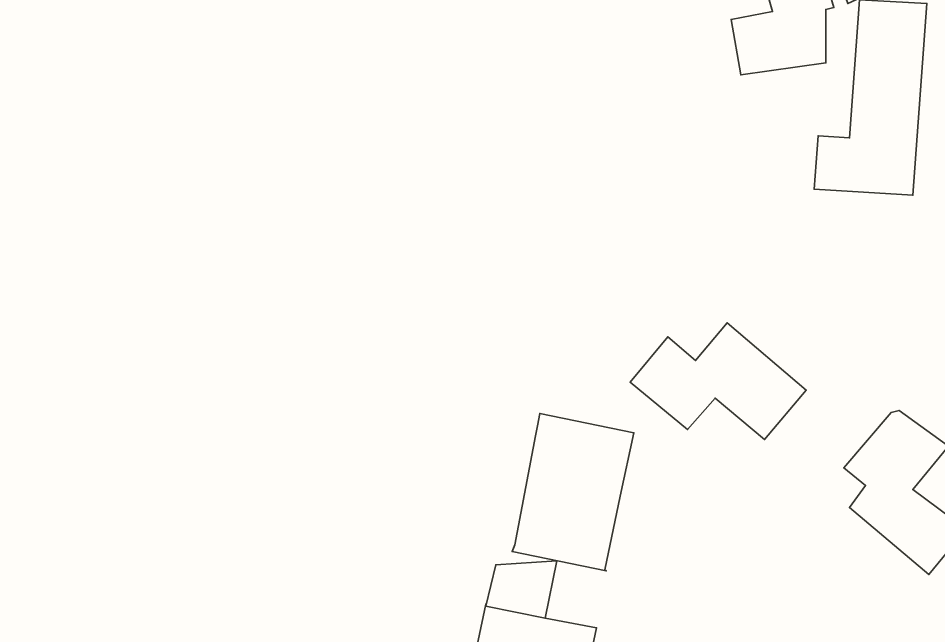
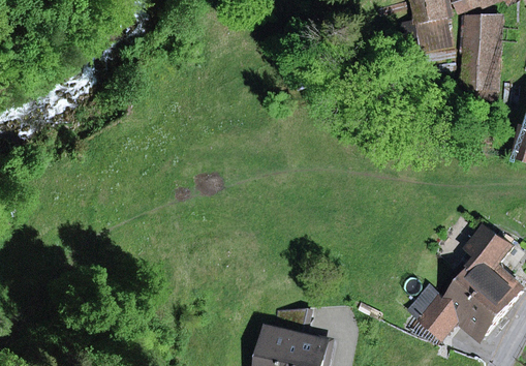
building: [630,323,806,440] -> [409,277,501,338]
building: [512,414,634,571] -> none

